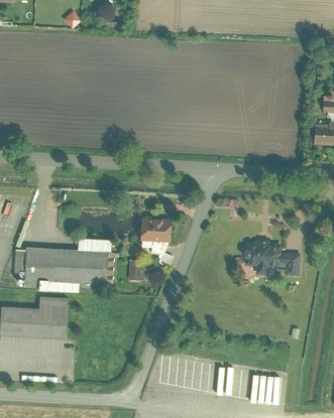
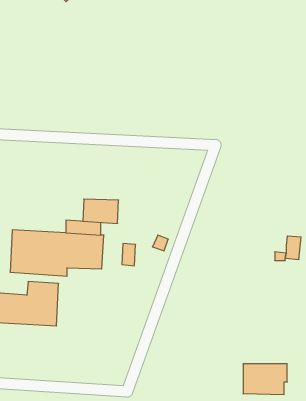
building: [136,219,171,242] -> [83,199,119,223]
building: [242,239,280,275] -> none

